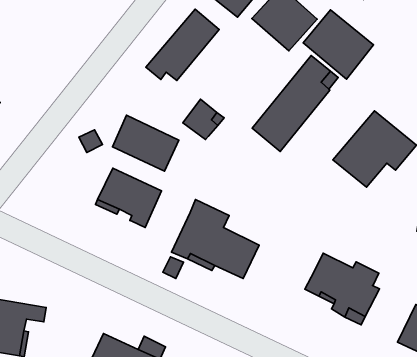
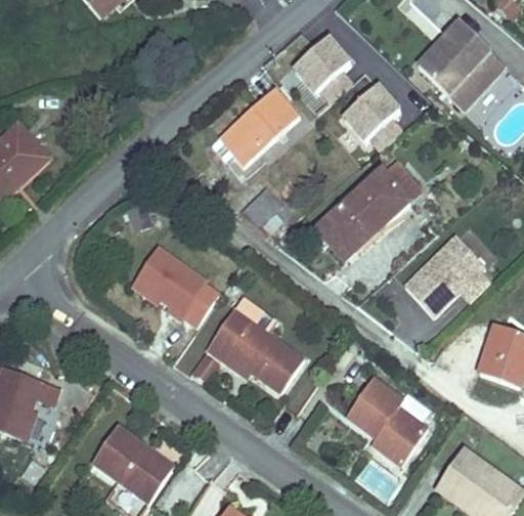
building: [303,10,373,79] -> none
building: [113,115,179,171] -> none

